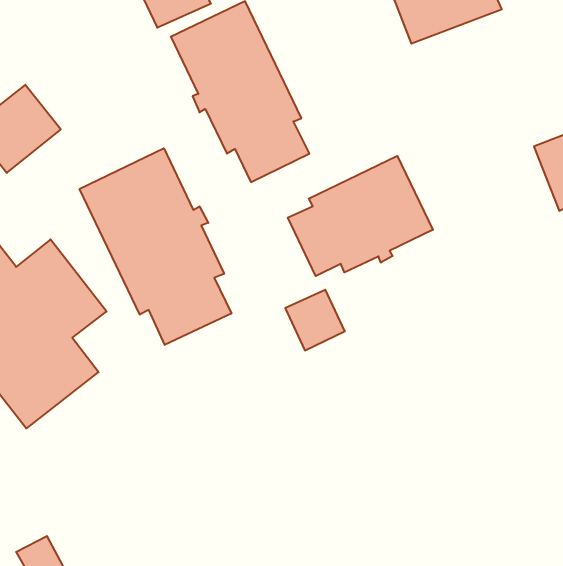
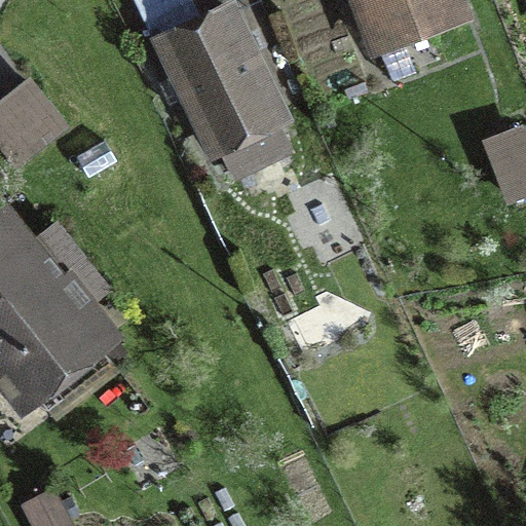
building: [80,148,231,345] -> none
building: [288,156,433,276] -> none

